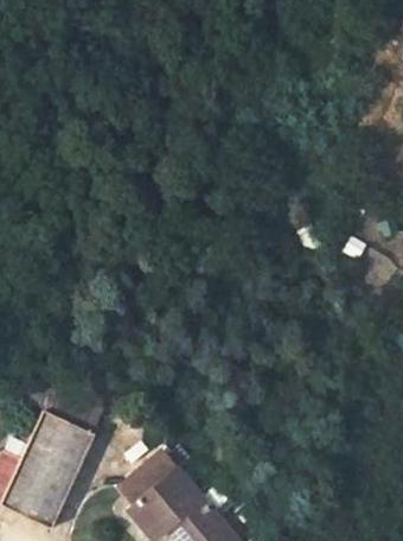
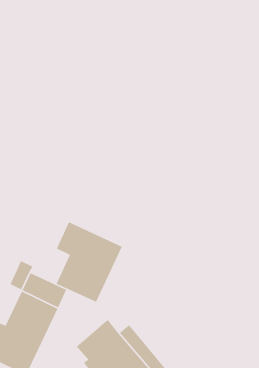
building: none -> [55,221,123,303]

